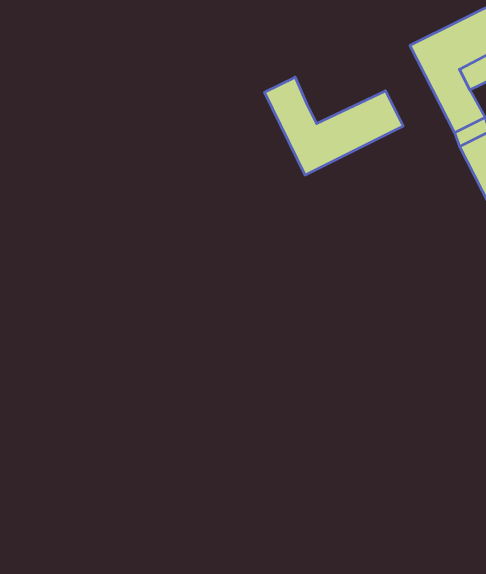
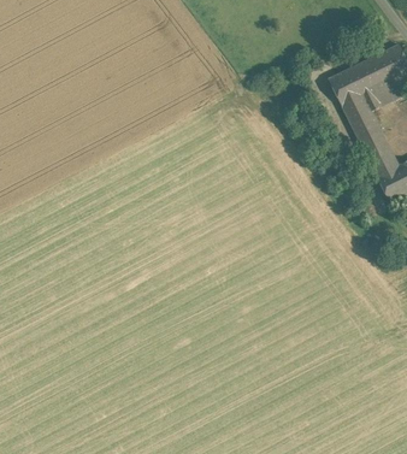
building: [265,77,403,175] -> none

